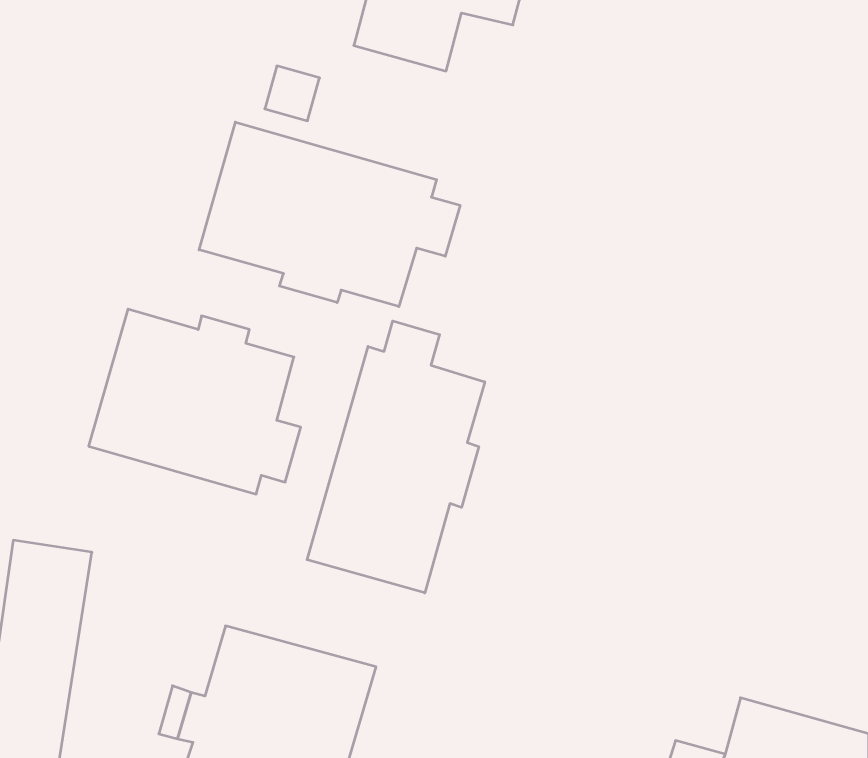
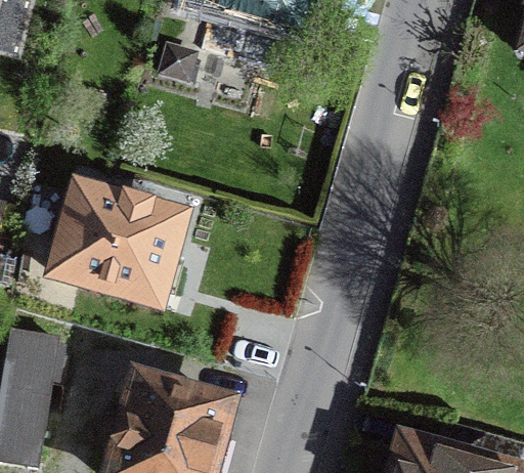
building: [199,122,460,307] -> none
building: [307,321,485,593] -> none

